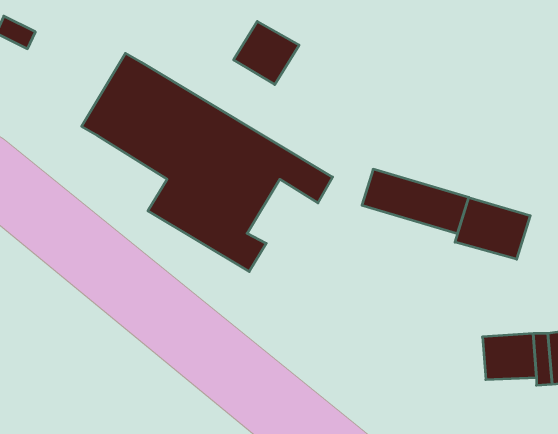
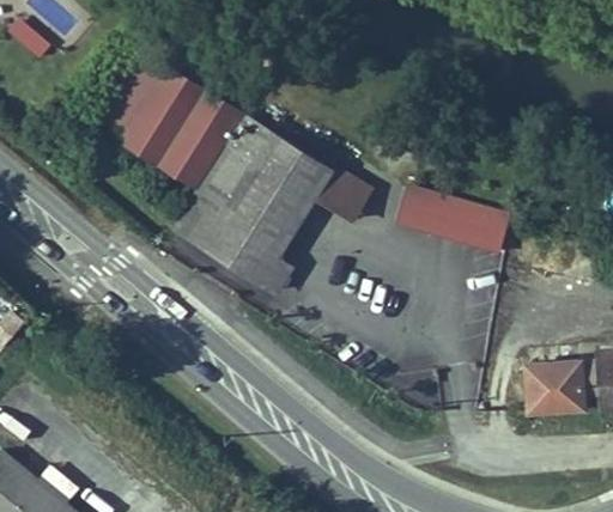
building: [234,21,299,85] -> none
building: [455,197,530,259] -> none

